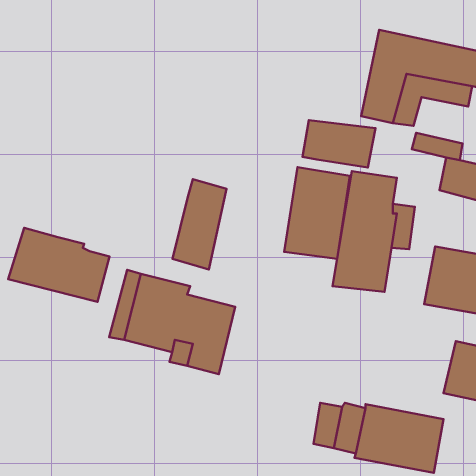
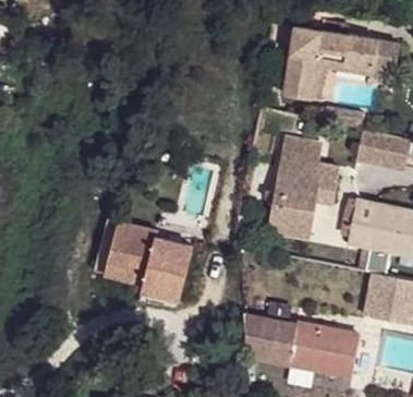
building: [302,120,375,168] -> none
building: [284,167,350,259] -> none
building: [172,179,227,270] -> none
building: [8,228,110,302] -> none

